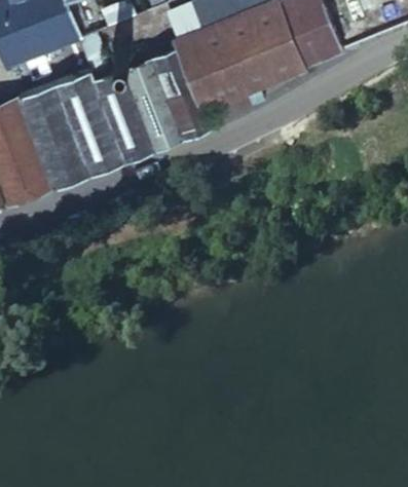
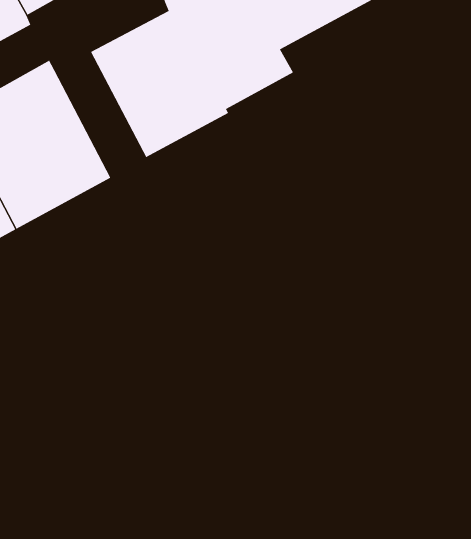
building: [94,69,151,161] -> none

